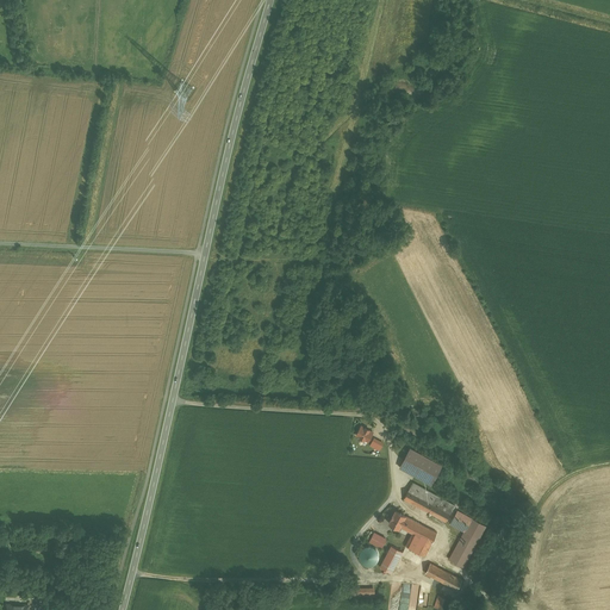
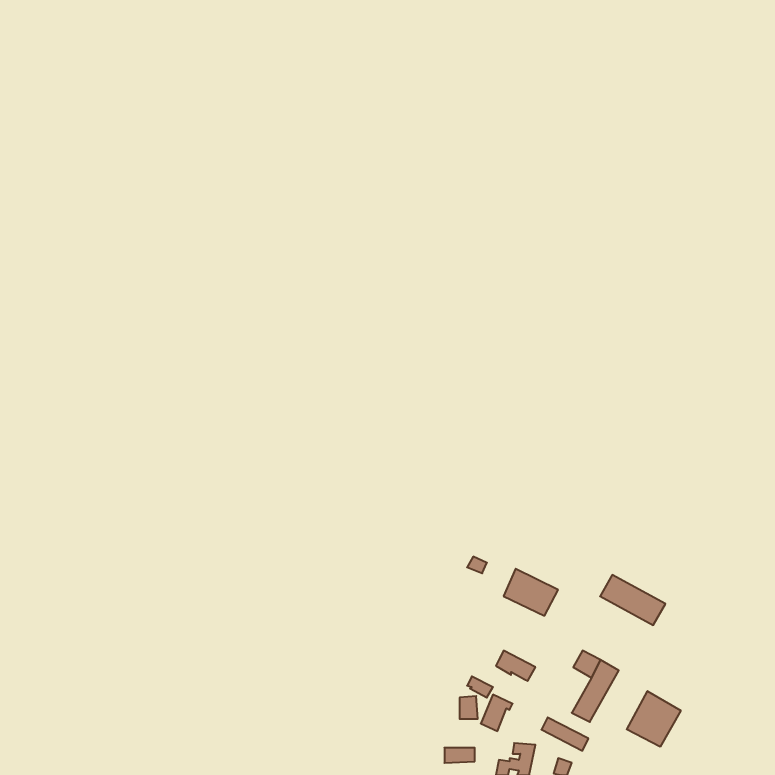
building: [404,483,455,522] -> [600,575,665,625]
building: [406,524,437,555] -> none
building: none -> [627,691,681,747]

